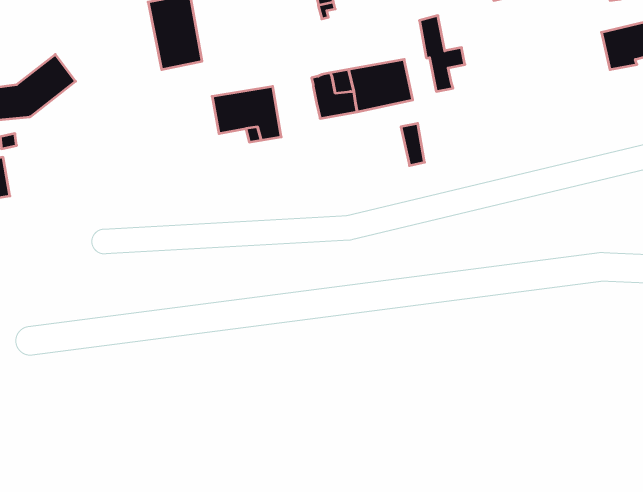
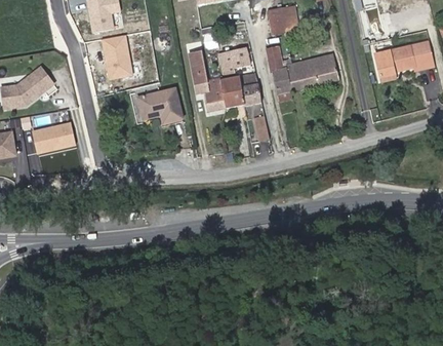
building: none -> [222,45,249,65]
building: none -> [283,55,337,89]
building: none -> [187,59,206,88]
building: none -> [34,126,76,157]

